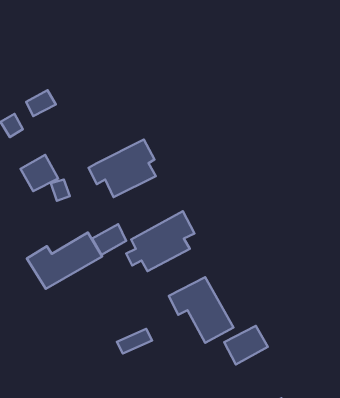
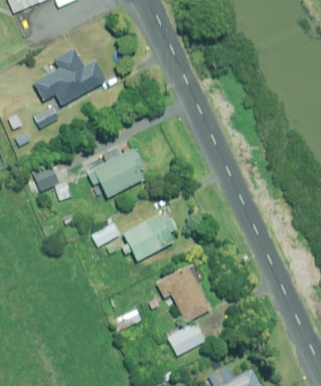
building: none -> [33,47,107,105]
building: [27,233,102,289] -> none
building: [224,326,268,364] -> [167,323,204,356]

